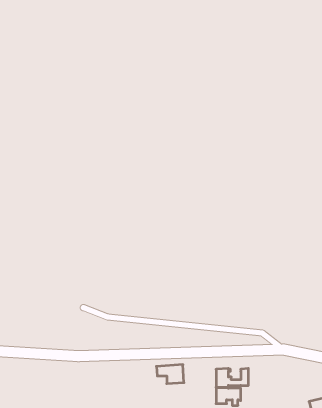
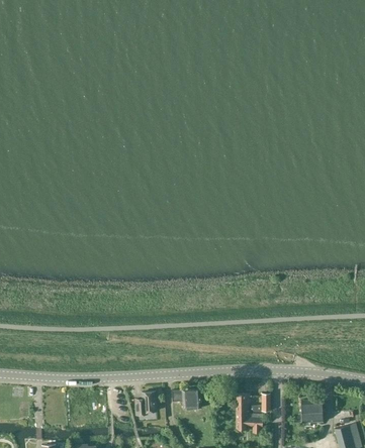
building: none -> [135,393,157,415]
building: none -> [301,400,323,423]

